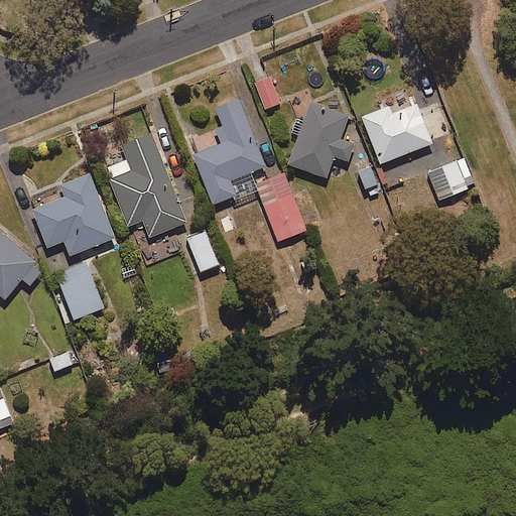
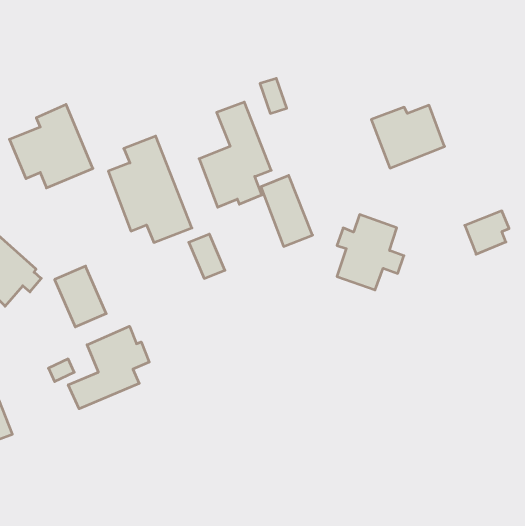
building: [289,104,355,177] -> [337,215,404,290]
building: [427,158,471,201] -> [465,211,509,254]
building: [32,174,114,256] -> [9,104,93,188]
building: none -> [68,326,149,409]

